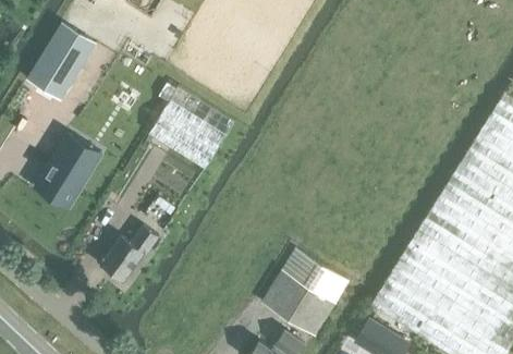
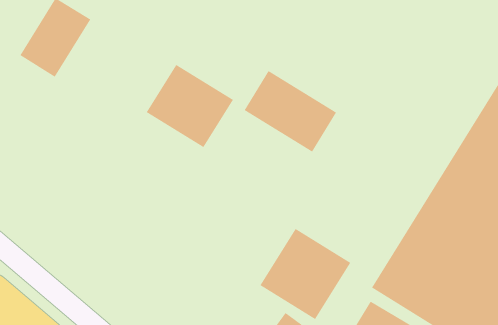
building: none -> [244,70,337,153]
building: [39,145,95,206] -> none
building: [101,223,160,282] -> none

